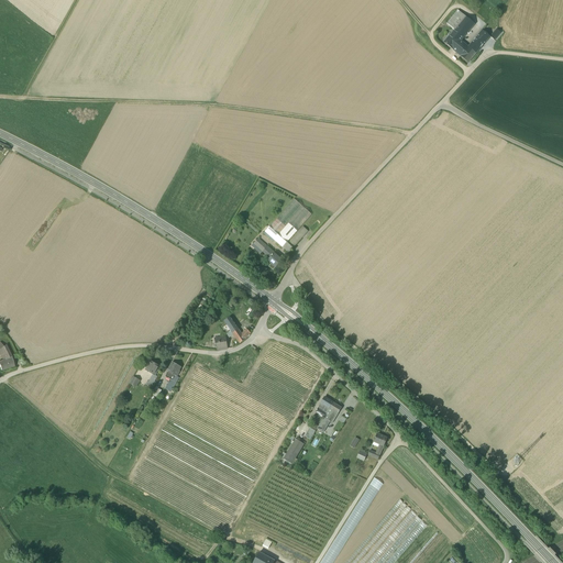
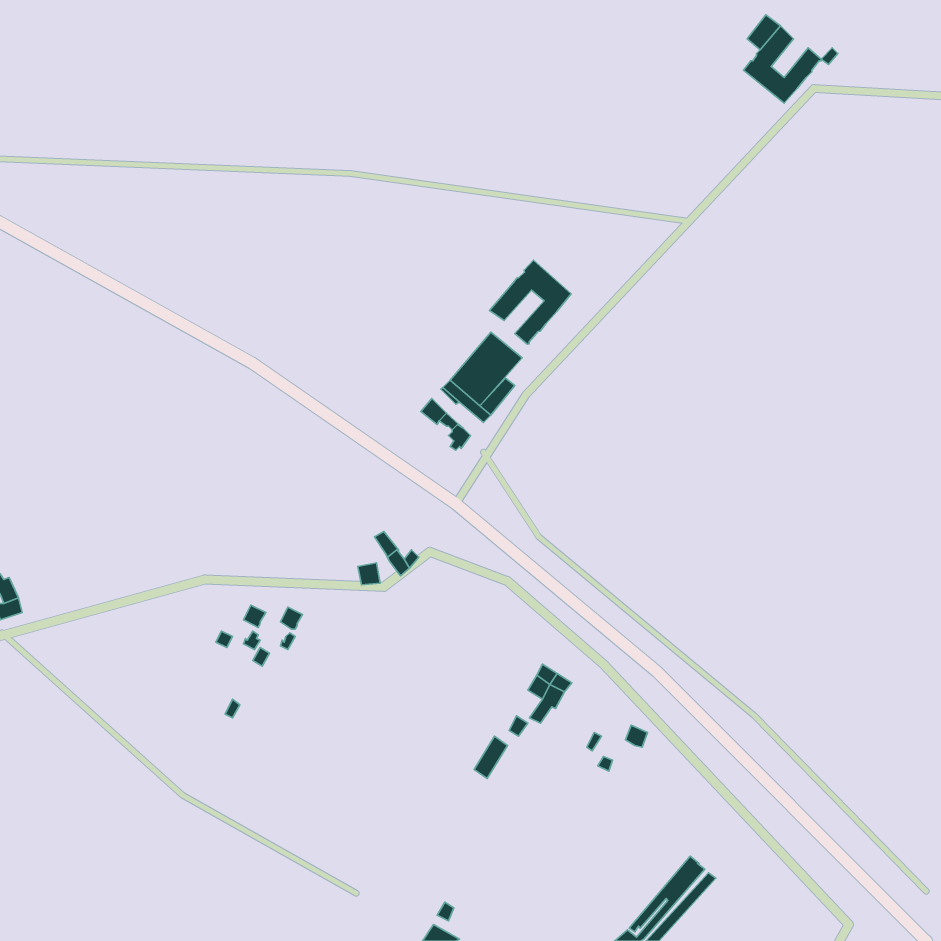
building: none -> [490,260,571,344]

